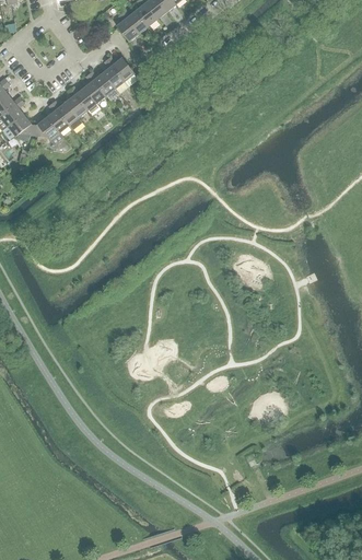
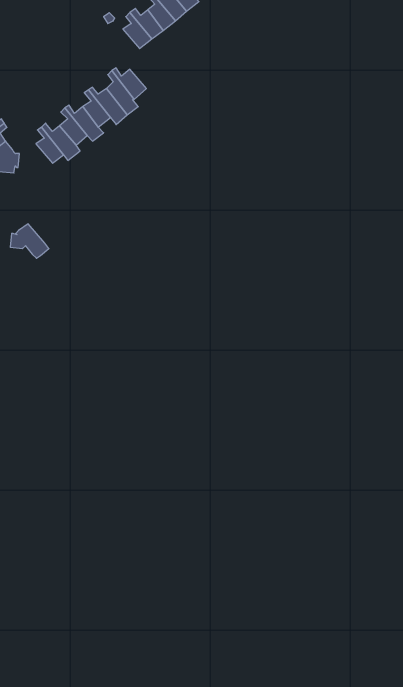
building: [33,116,63,143] -> [10,224,49,258]

